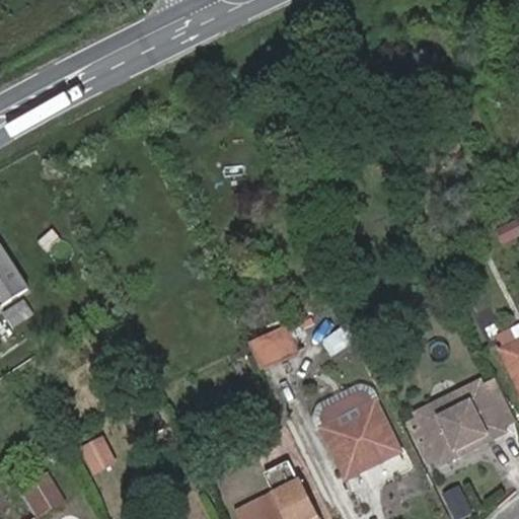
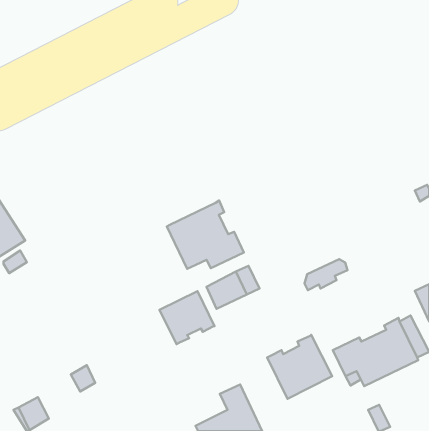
building: none -> [167,200,244,269]
building: none -> [159,291,214,344]
building: [321,390,373,428] -> [305,259,348,290]

